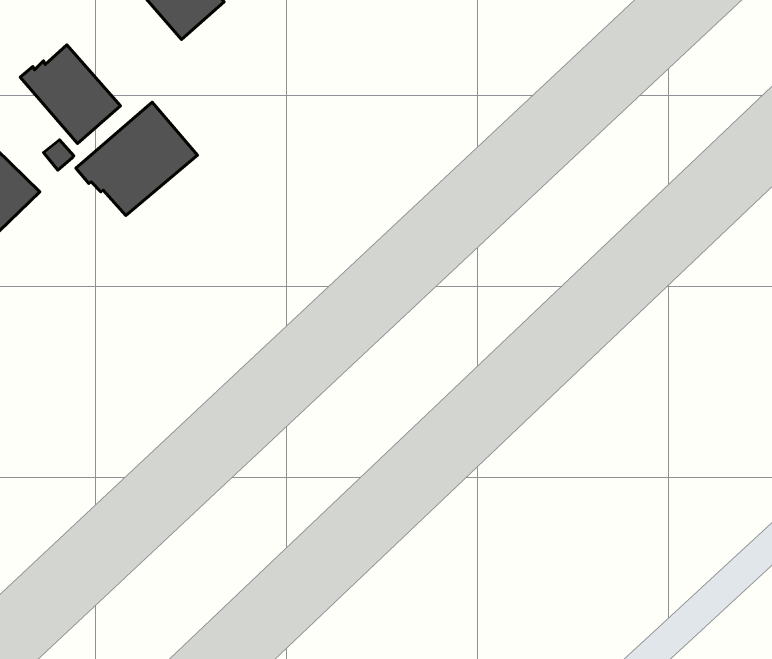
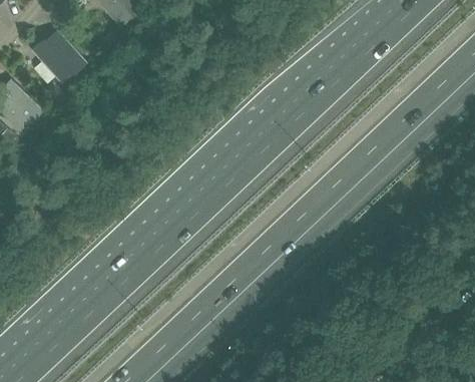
building: [76,102,197,216] -> none

